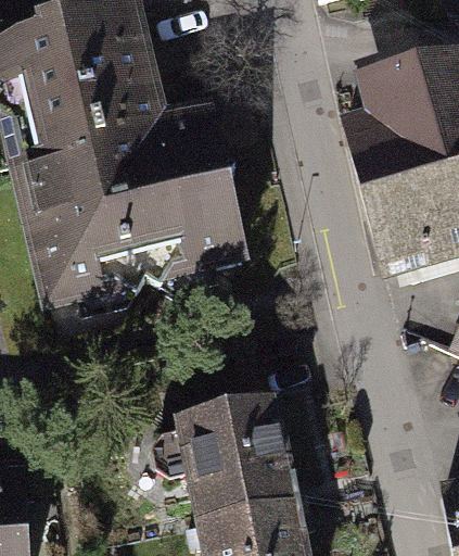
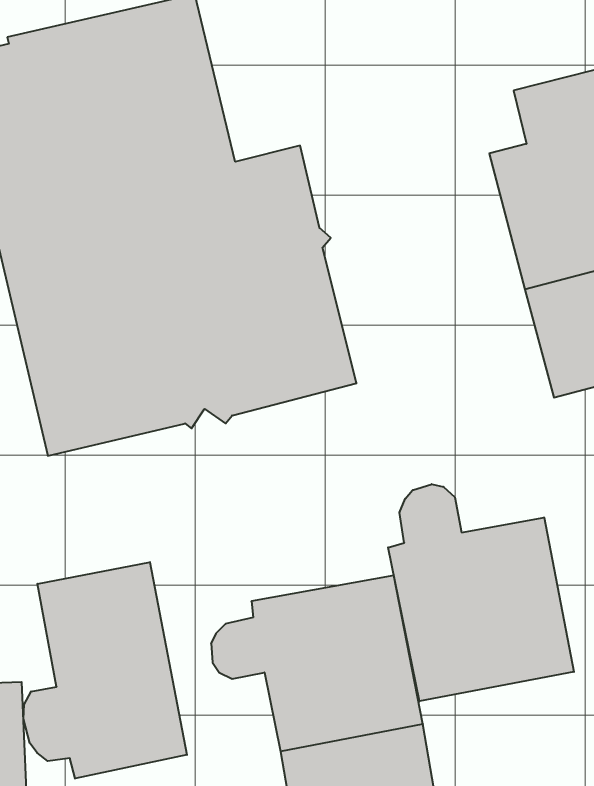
building: none -> [388,484,574,701]
building: none -> [23,562,187,779]

